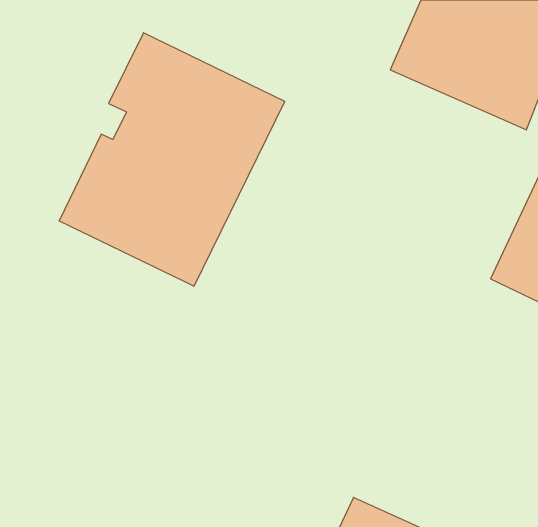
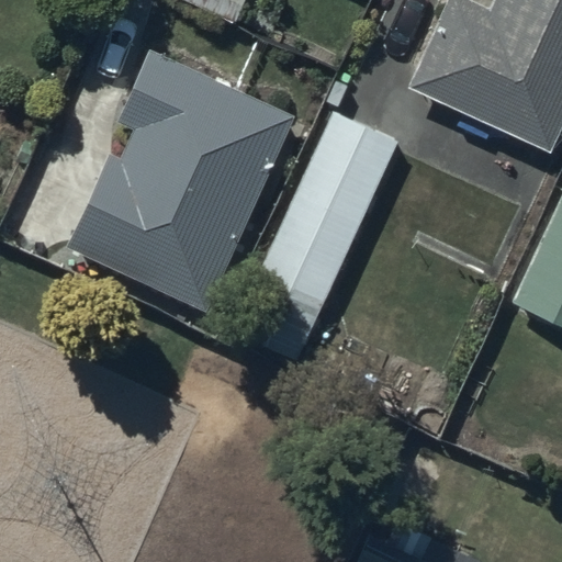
building: none -> [234,113,400,360]

